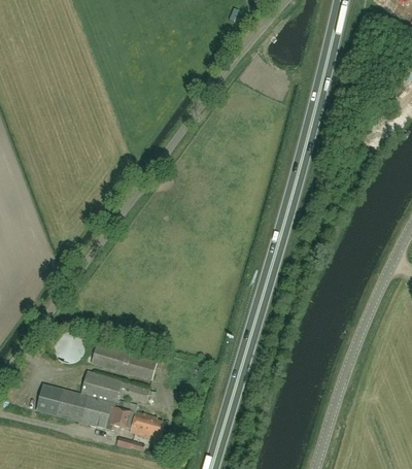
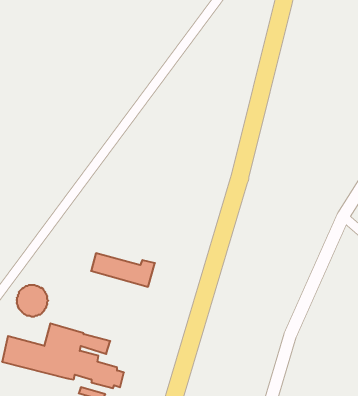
building: [91,344,158,379] -> [91,253,155,287]

